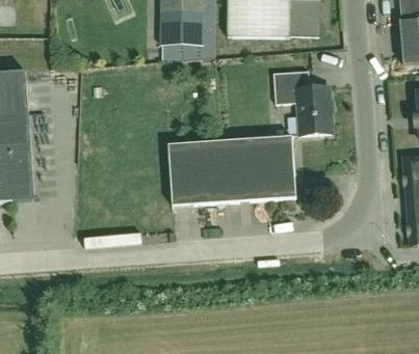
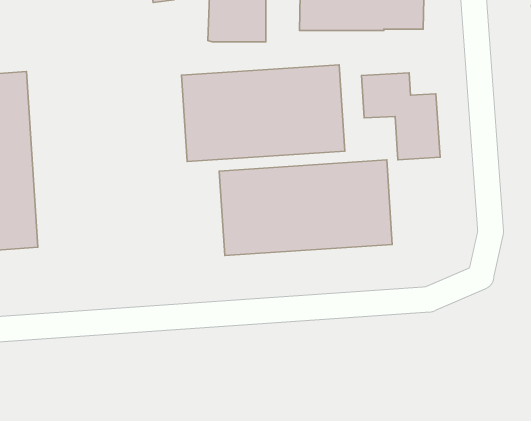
building: none -> [181,65,345,162]

